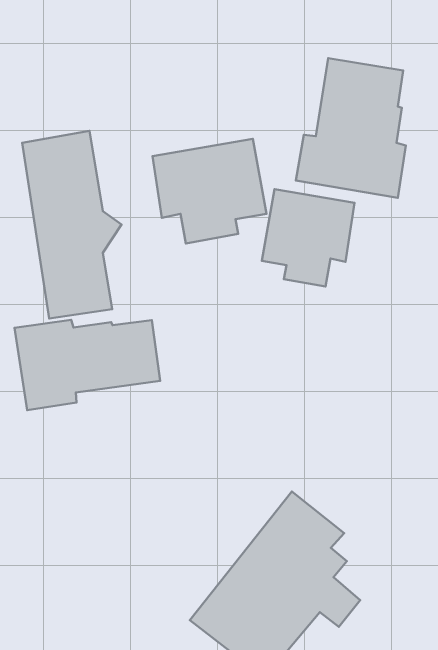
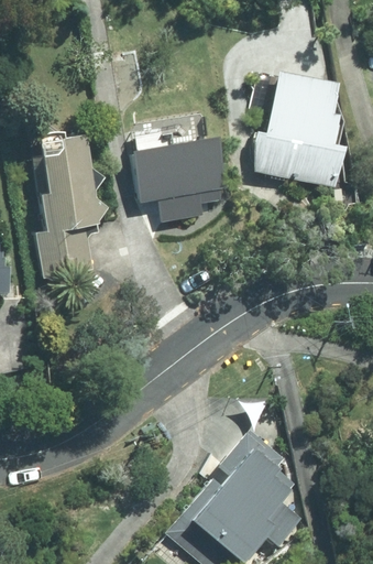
building: [262,189,355,287] -> none
building: [15,320,160,410] -> none

